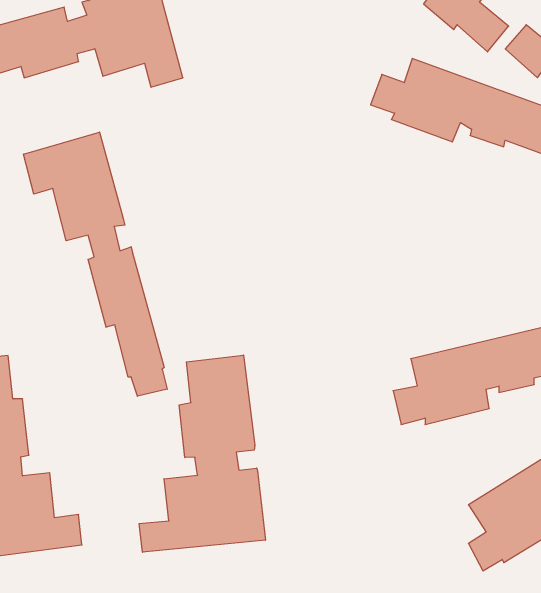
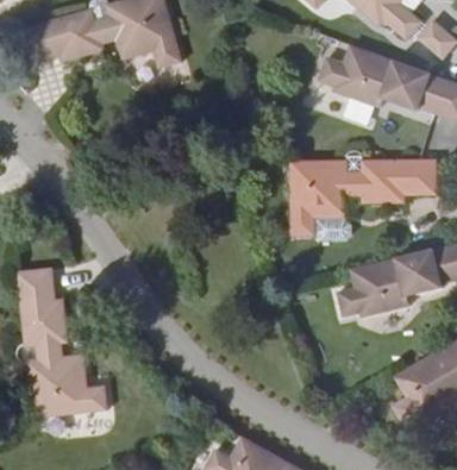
building: [24,132,167,396] -> none
building: none -> [289,158,437,240]
building: [139,355,265,552] -> none

